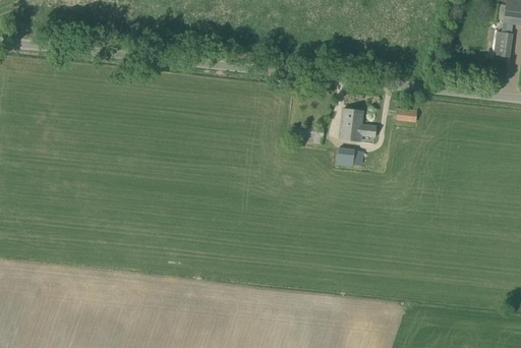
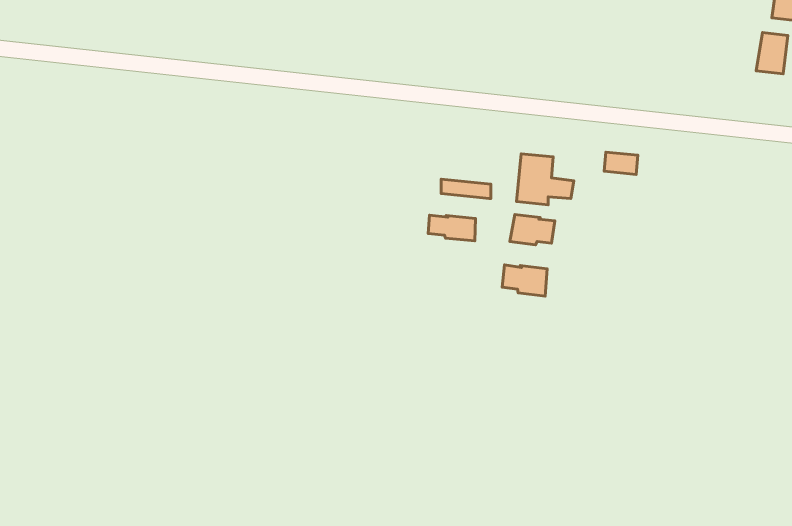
building: none -> [428,215,475,241]
building: none -> [502,265,547,296]

